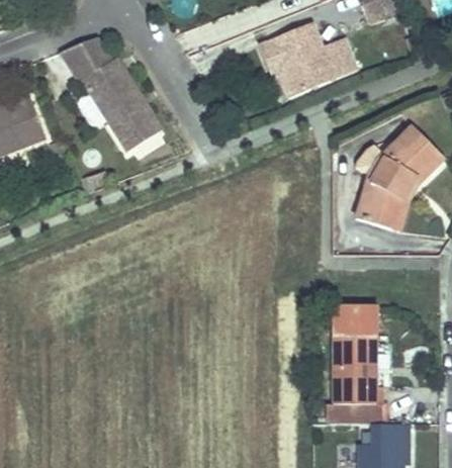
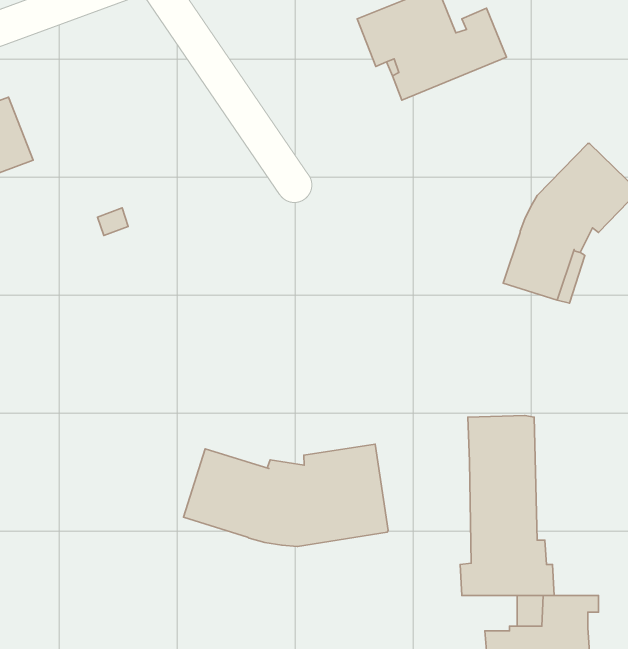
building: [66,37,163,149] -> none
building: none -> [184,444,388,547]

